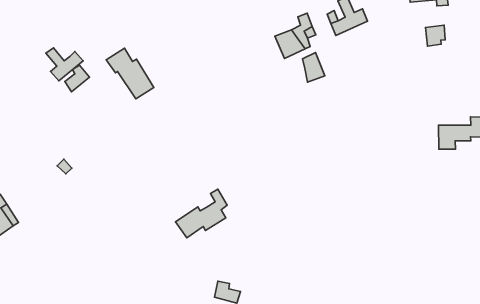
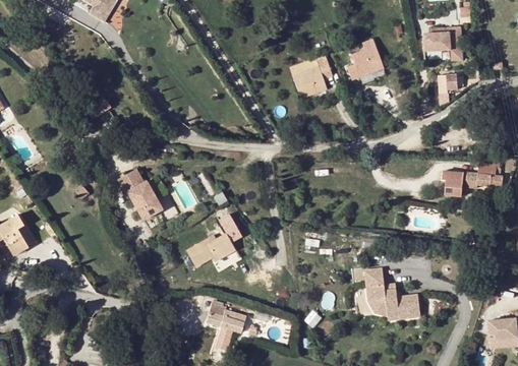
building: [46,48,83,81] -> none
building: [106,48,154,99] -> [116,169,161,219]
building: [303,52,325,82] -> none
building: none -> [364,268,419,318]

